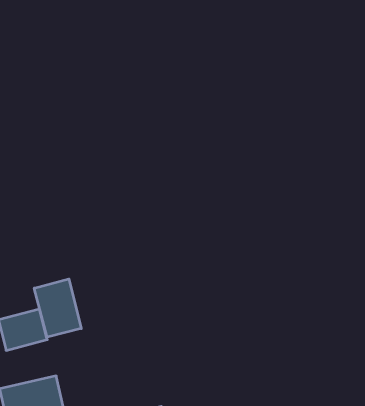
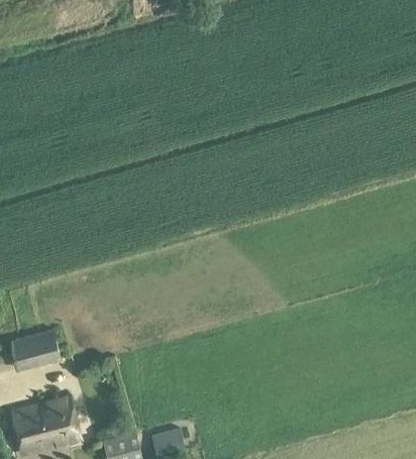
building: [34,279,81,337] -> none

